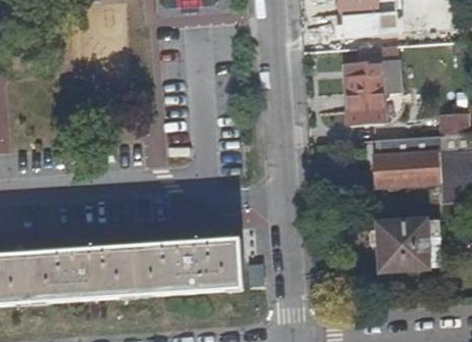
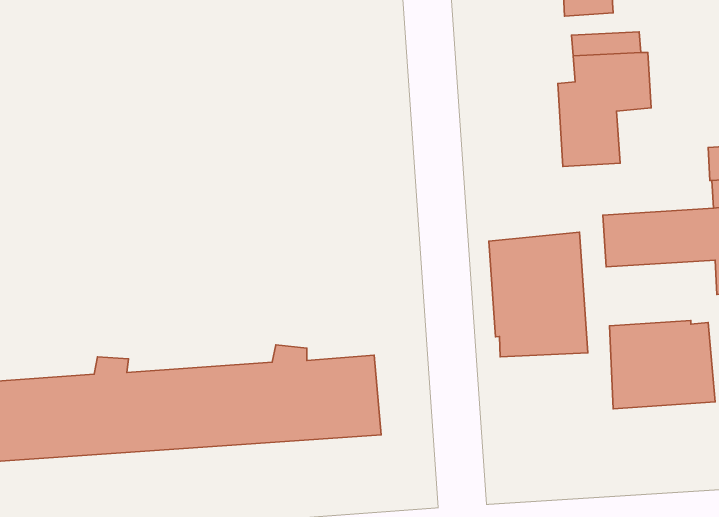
building: none -> [489,232,588,357]

